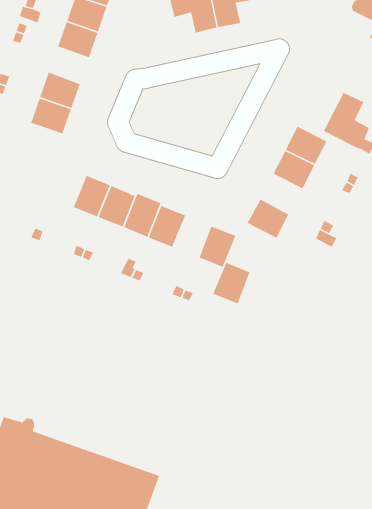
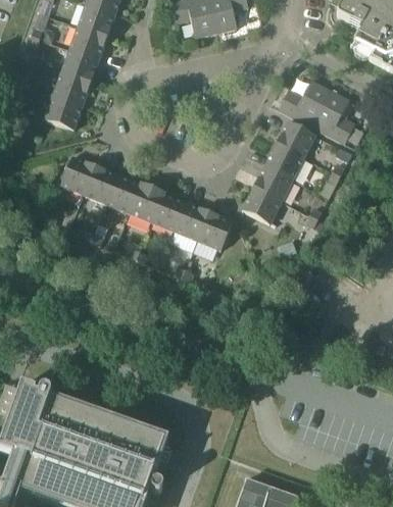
building: none -> [61,49,99,83]
building: none -> [279,80,330,125]
building: none -> [60,156,96,195]
building: none -> [254,164,293,201]
building: [212,262,250,304] -> [175,202,209,241]

